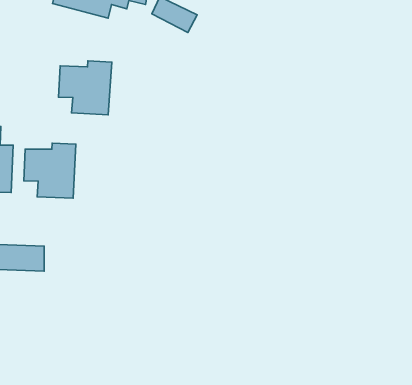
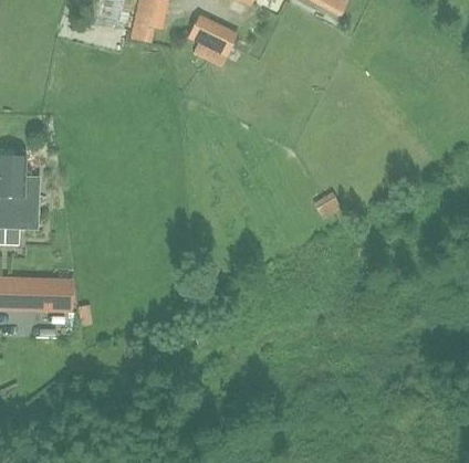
building: [59,61,112,115] -> none
building: [24,143,76,198] -> none

